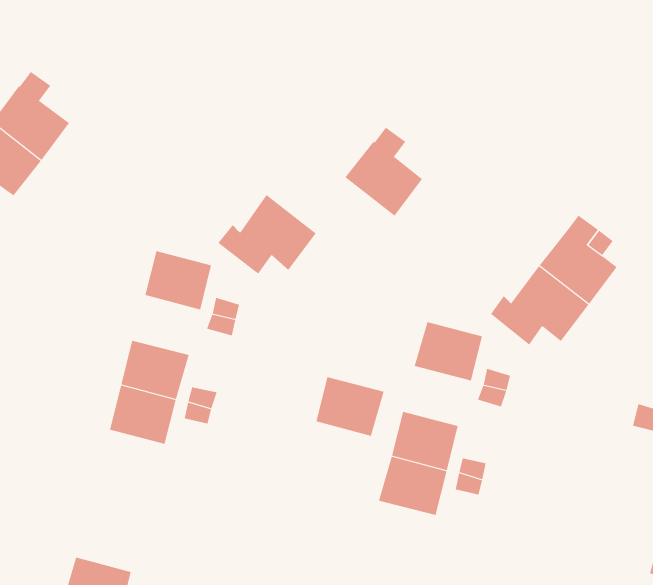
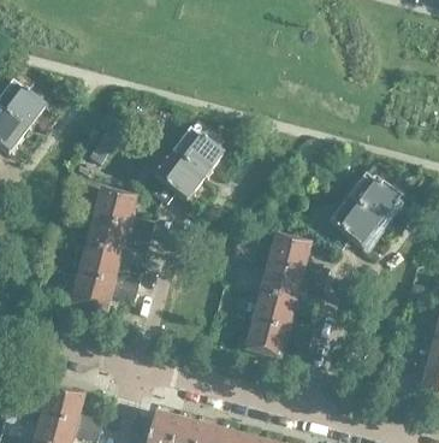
building: [344,127,423,217] -> [172,118,223,176]
building: none -> [85,215,130,254]
building: [315,377,385,436] -> [260,261,304,300]

